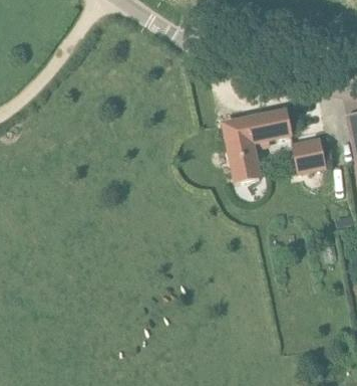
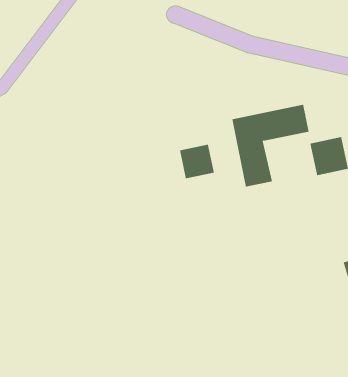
building: none -> [179,144,214,179]

